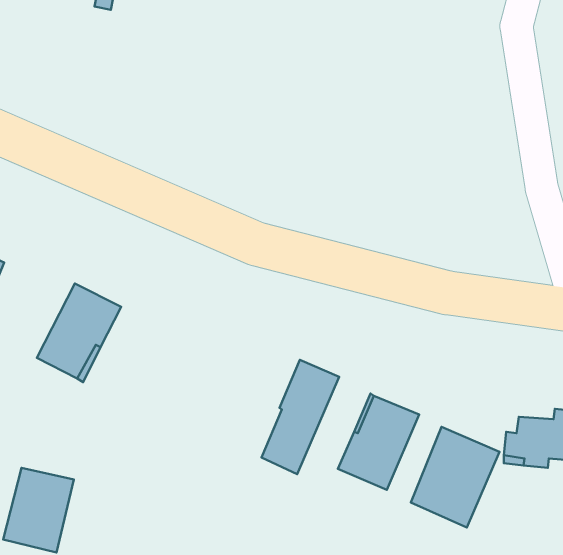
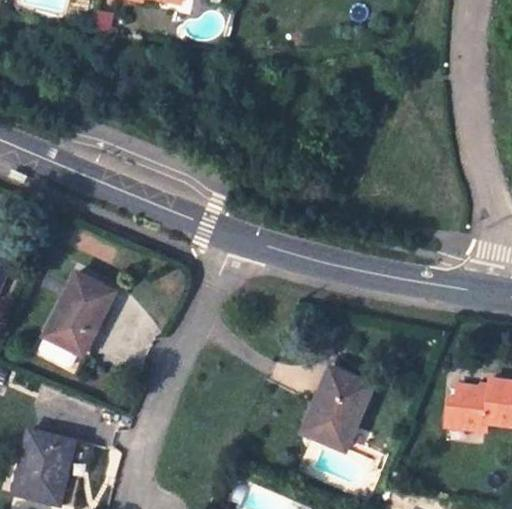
building: [261,360,339,474] -> none
building: [411,427,499,528] -> none

